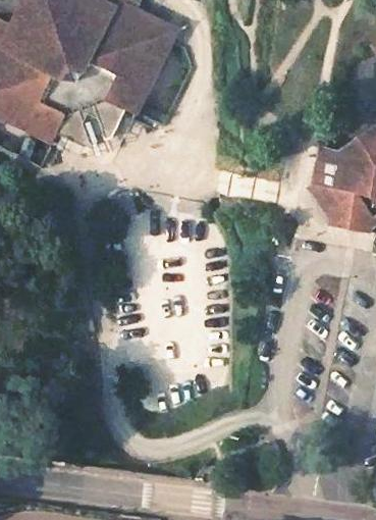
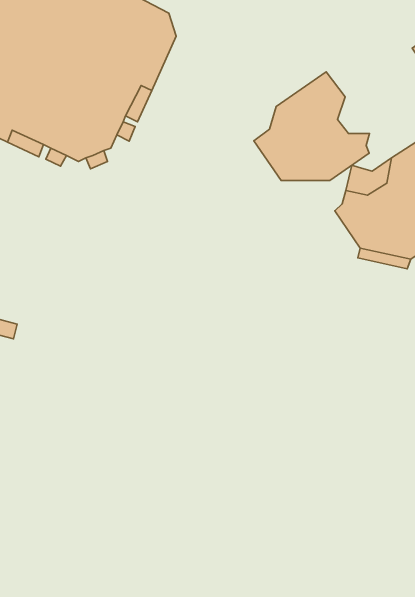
building: none -> [254,72,369,181]

